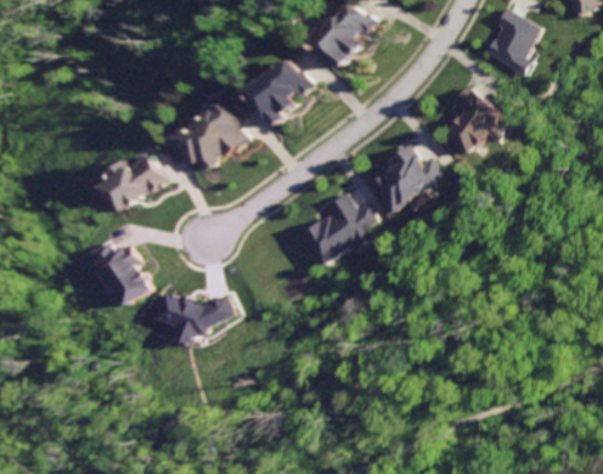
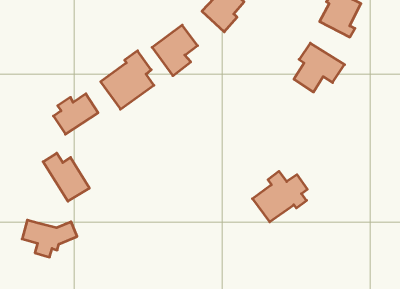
building: [368,141,438,211] -> none
building: [298,194,376,266] -> [252,171,307,222]
building: [148,292,226,344] -> [22,220,77,257]

